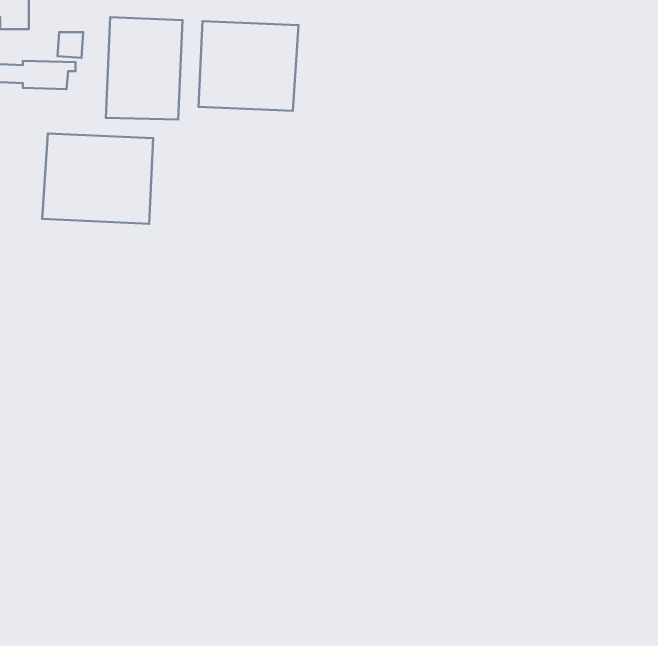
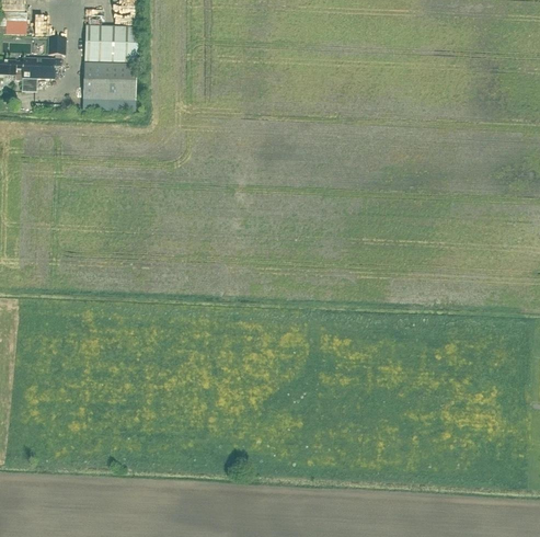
building: [199,21,298,111] -> none
building: [42,134,153,224] -> none

